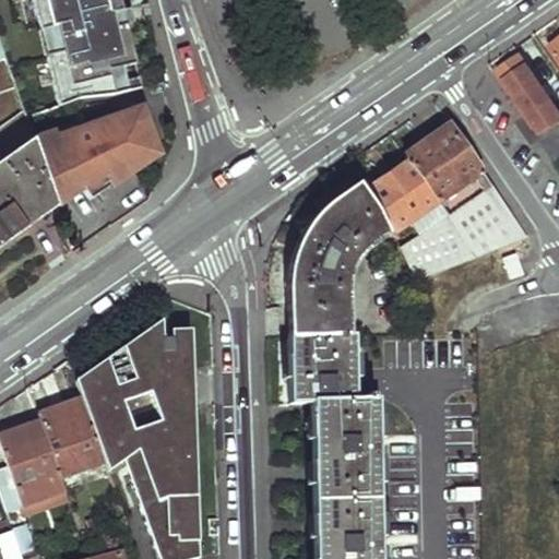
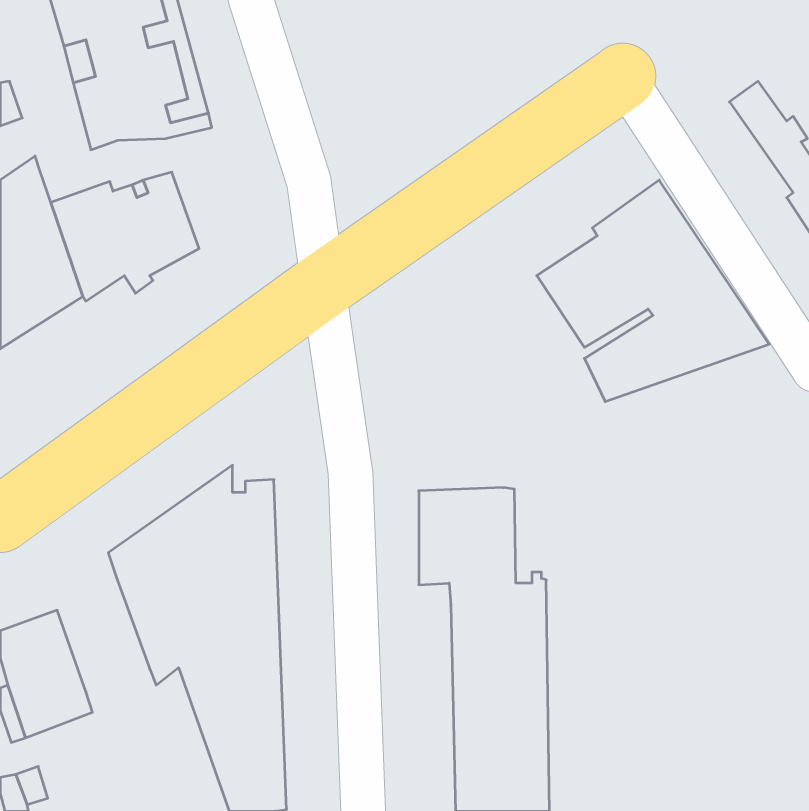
building: [121,108,159,170] -> none
building: [289,182,391,336] -> none
building: [39,395,106,474] -> none

